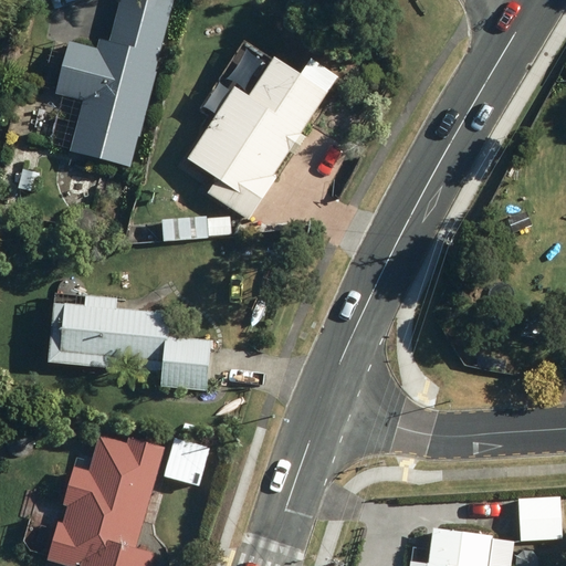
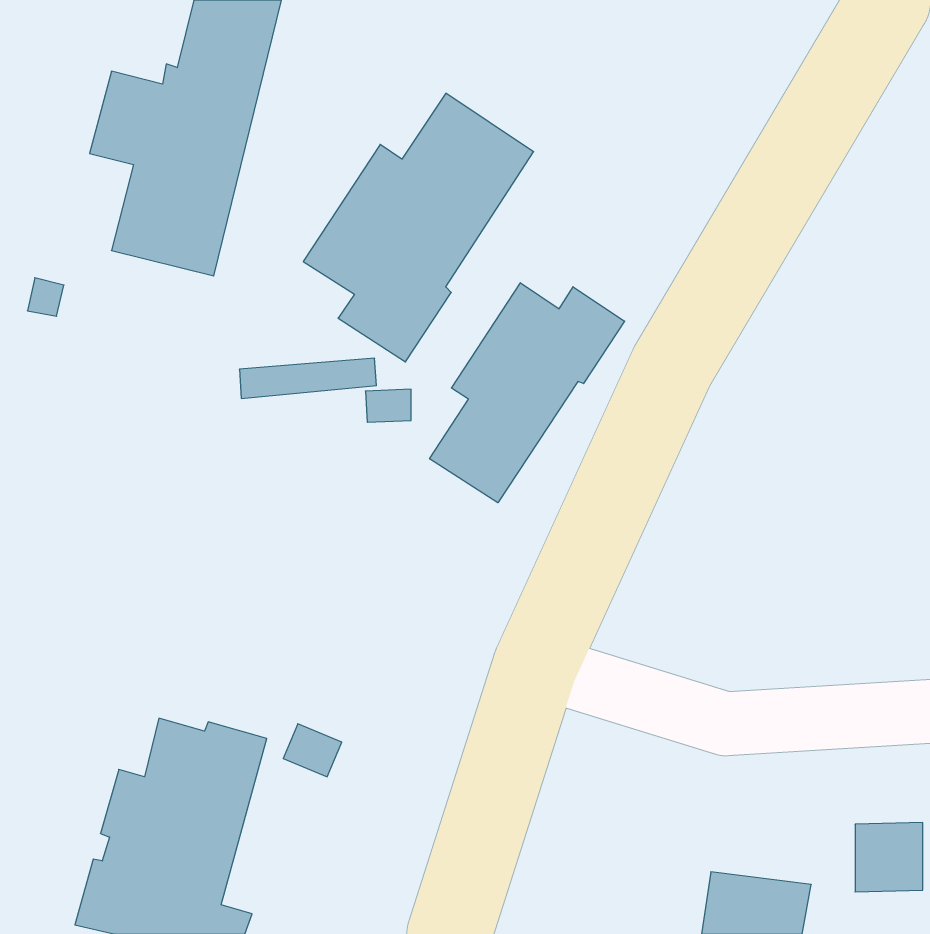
building: none -> [430,283,625,503]
building: [45,295,211,391] -> none

